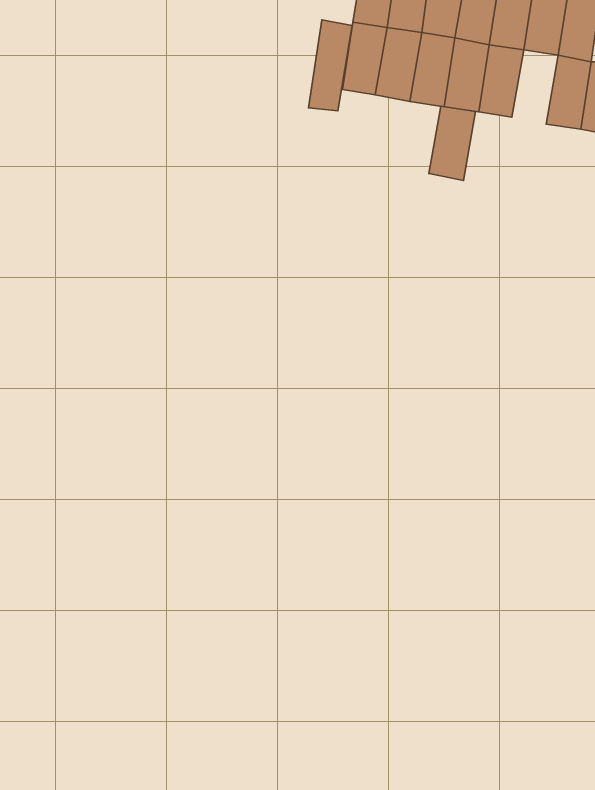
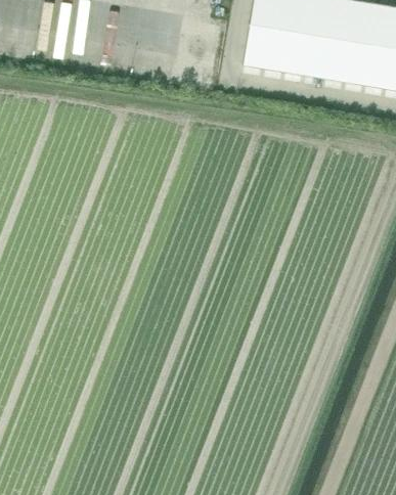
building: [308,20,352,111] -> none
building: [429,106,476,181] -> [345,41,372,85]

